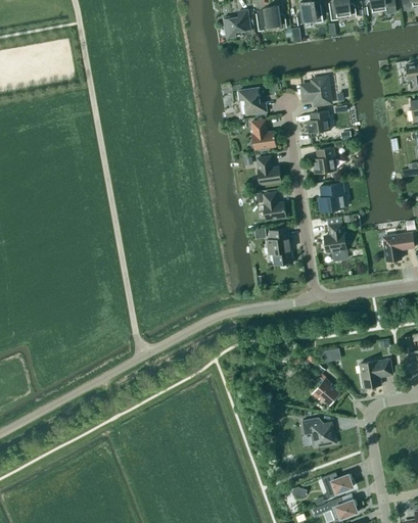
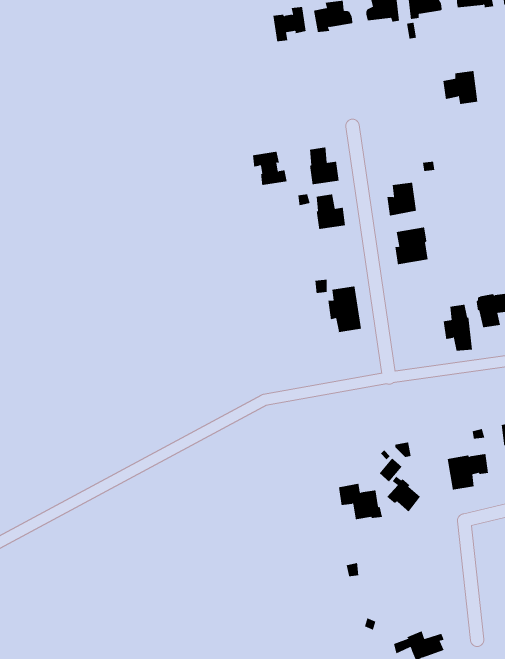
building: [303,78,330,104] -> [443,70,478,105]
building: [239,88,267,114] -> [252,151,288,185]
building: [307,110,331,133] -> none
building: [264,192,286,220] -> none
building: [324,223,347,259] -> [443,304,473,351]
building: [303,417,337,445] -> [338,483,383,520]
building: [324,472,354,492] -> none

